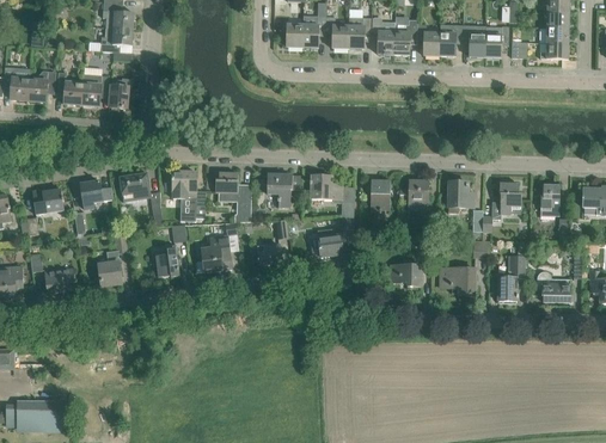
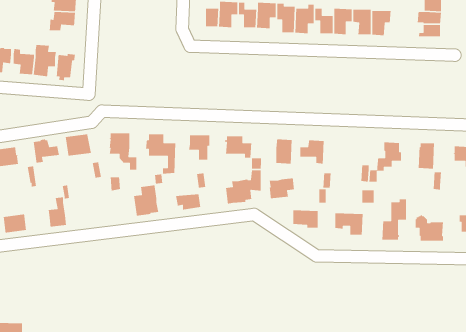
building: [448,181,473,213] -> none
building: none -> [269,178,295,199]
building: [157,245,179,277] -> none

